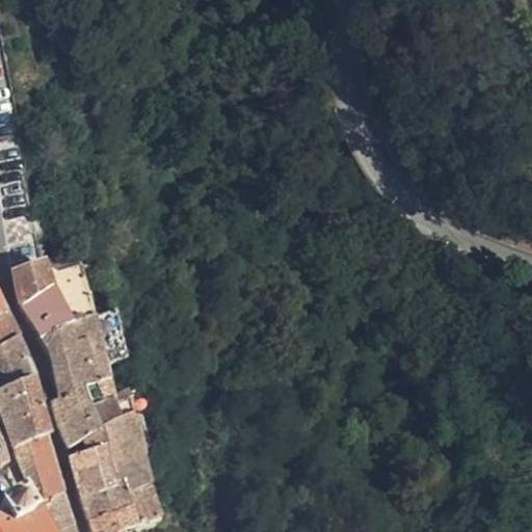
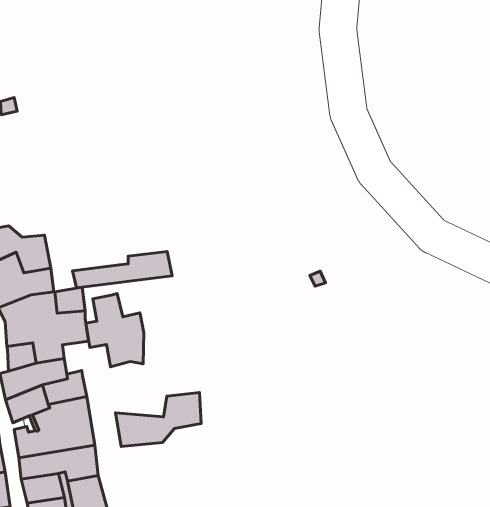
building: none -> [73,252,172,288]
building: none -> [86,293,144,367]
building: none -> [115,393,201,447]

